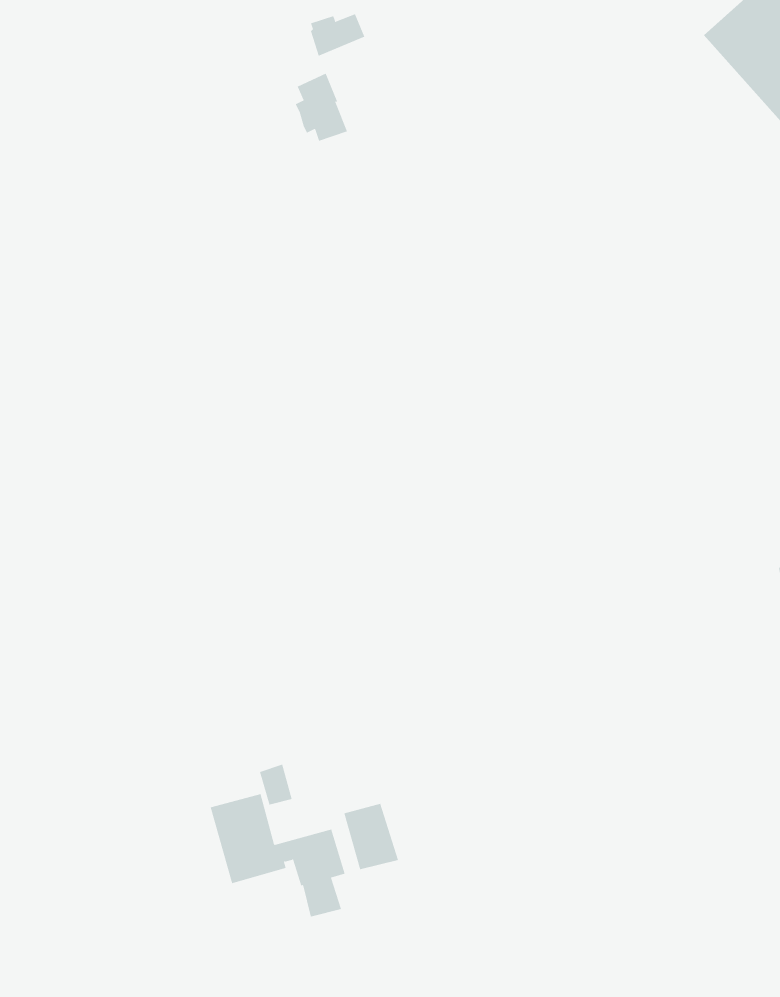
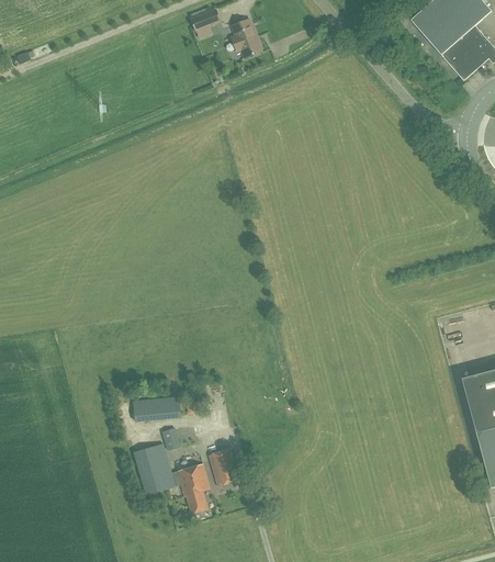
building: [295,73,348,141] -> [232,19,261,57]
building: none -> [133,396,182,422]

